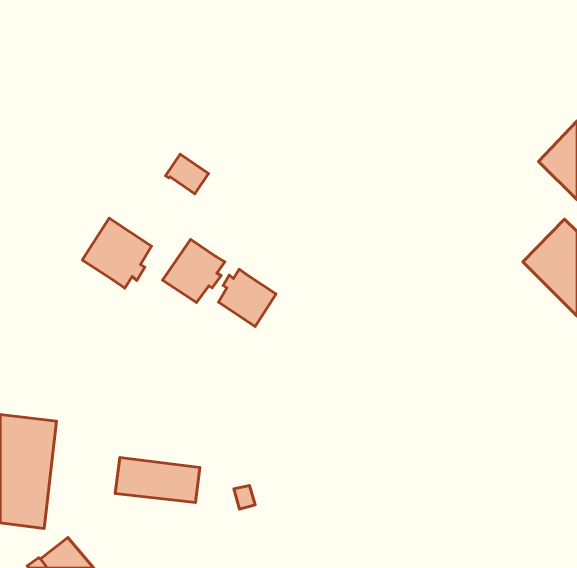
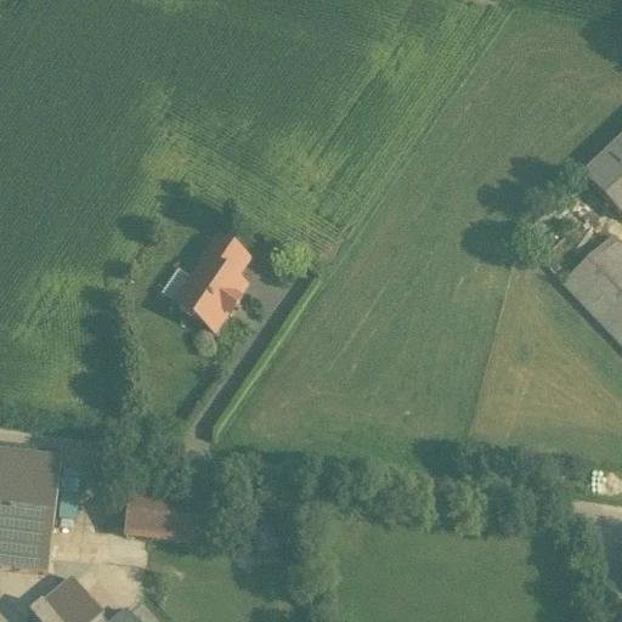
building: [165,154,208,194] -> [200,233,247,276]
building: [83,218,151,288] -> none
building: [218,269,276,327] -> none

